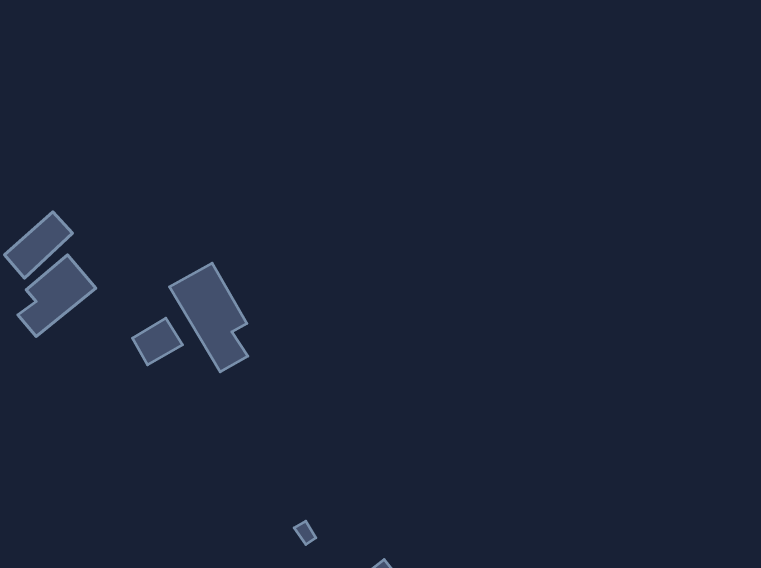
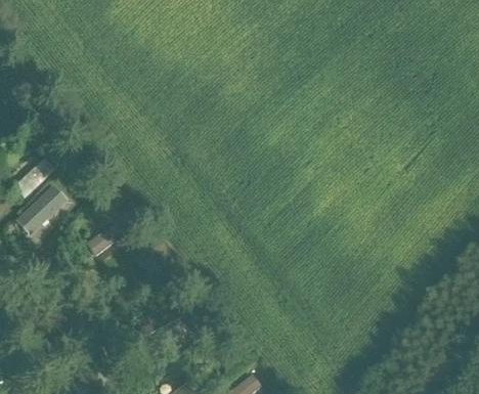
building: [170,263,248,372] -> none

